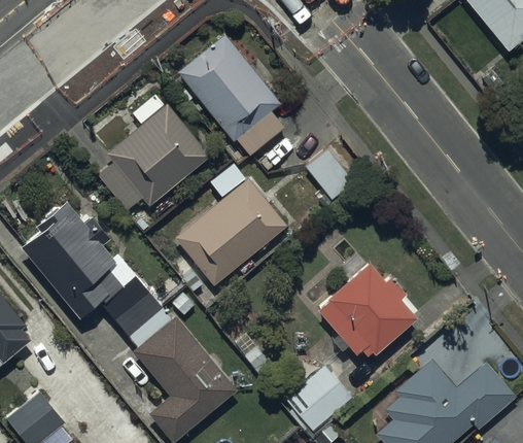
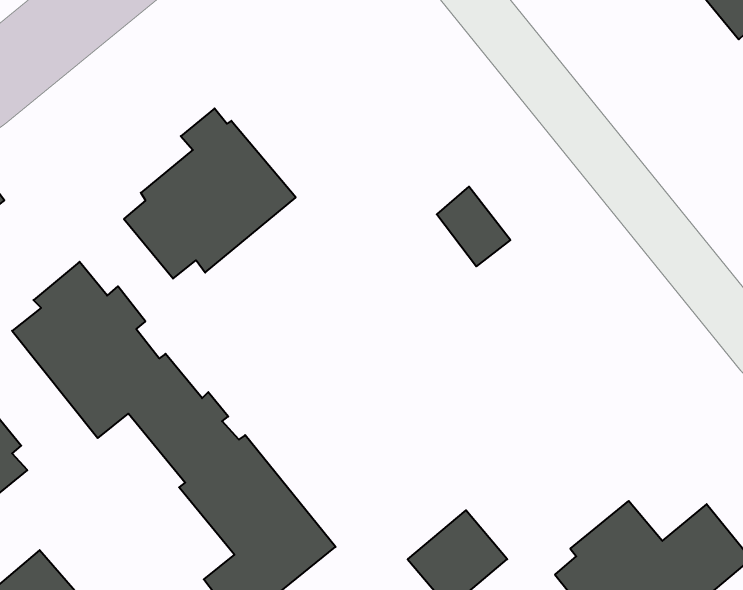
building: [178,35,285,156] -> none
building: [176,179,288,286] -> none
building: [316,264,416,355] -> none

